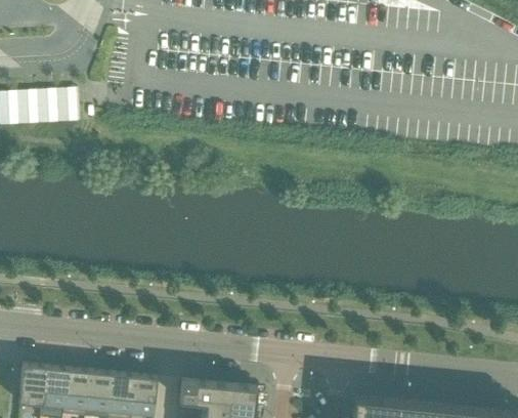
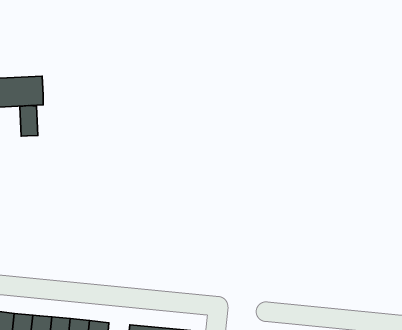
building: none -> [20,106,38,136]

